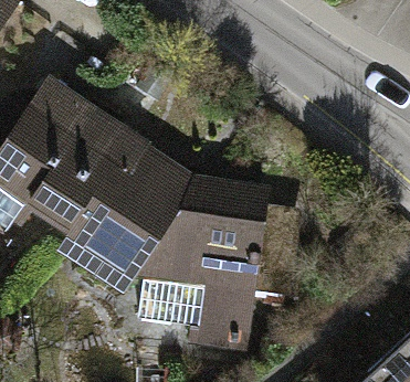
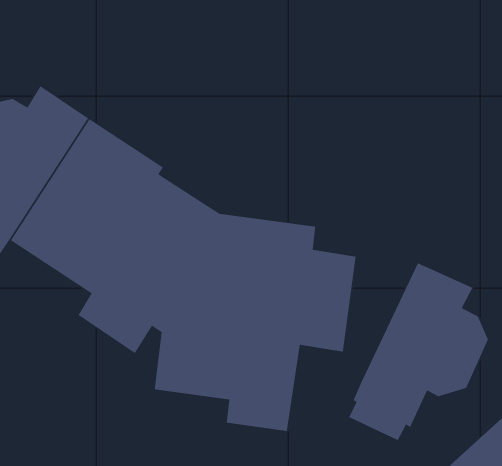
building: none -> [348,262,489,441]

